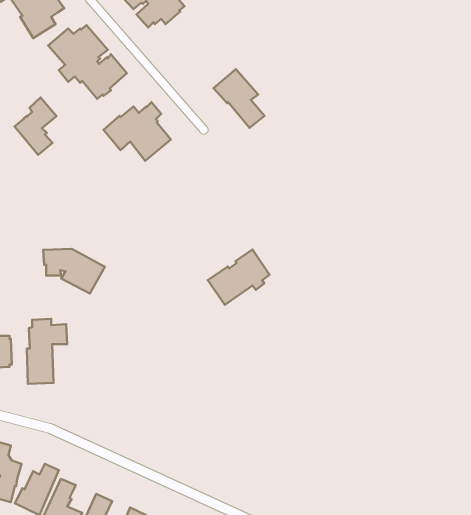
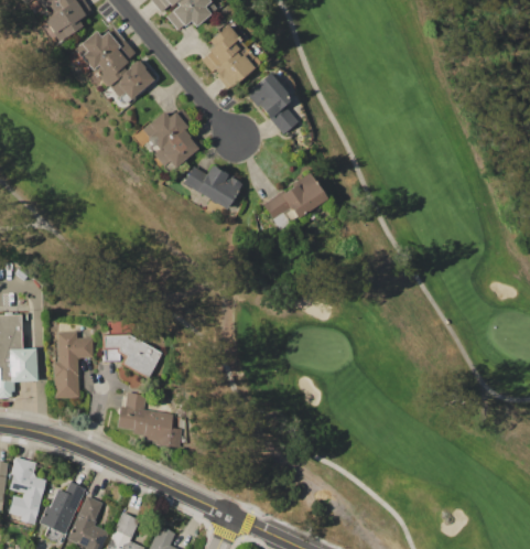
building: none -> [201,24,259,90]
building: [15,98,56,155] -> none
building: none -> [182,164,240,208]
building: [43,249,105,294] -> [101,333,165,379]
building: [208,249,270,305] -> [262,172,326,229]
building: none -> [116,391,183,448]

